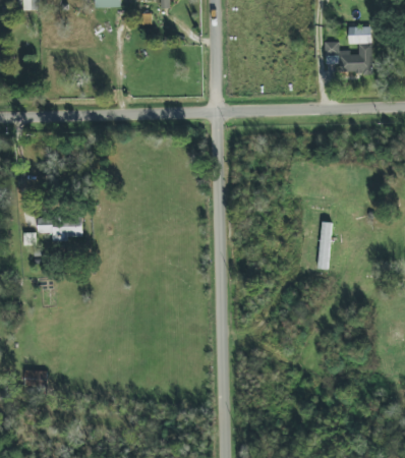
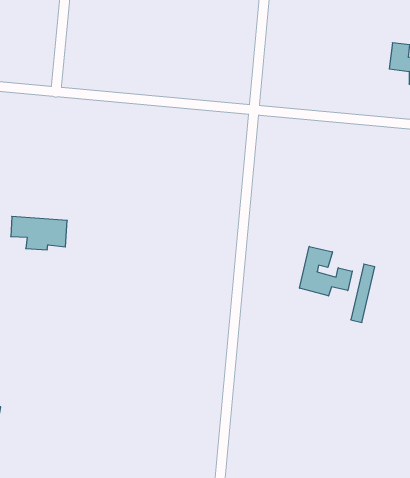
building: none -> [300,246,352,296]

